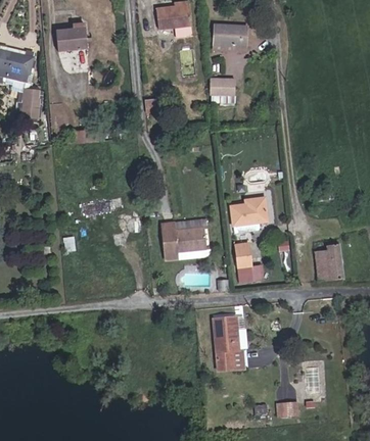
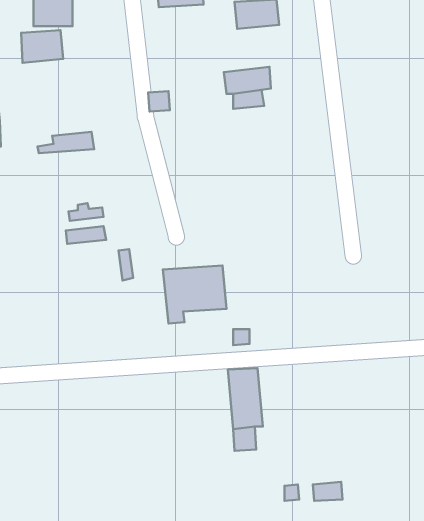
building: [233,201,268,229] -> none
building: [233,235,250,275] -> none
building: [314,236,339,275] -> none

